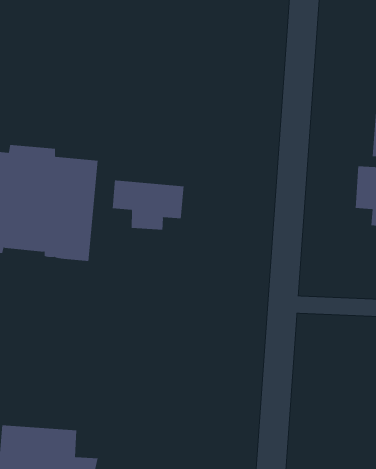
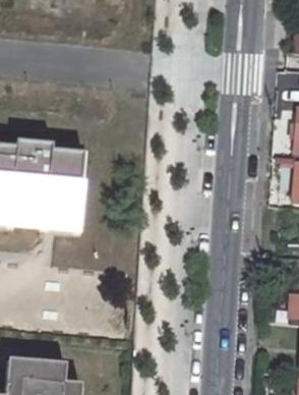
building: [112,180,184,231] -> none

